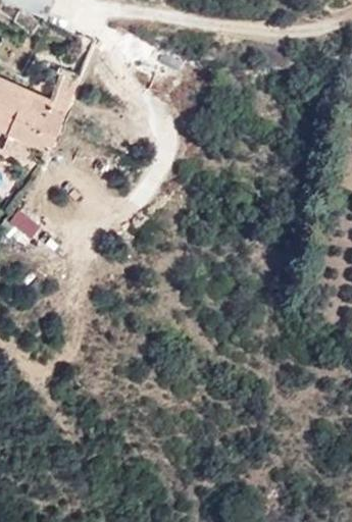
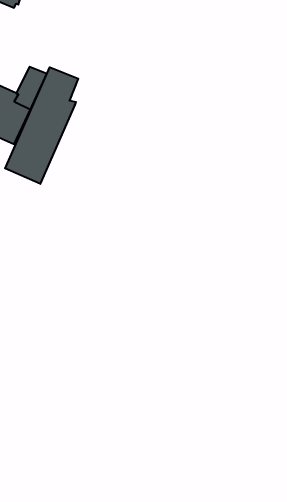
building: none -> [5,67,78,184]

